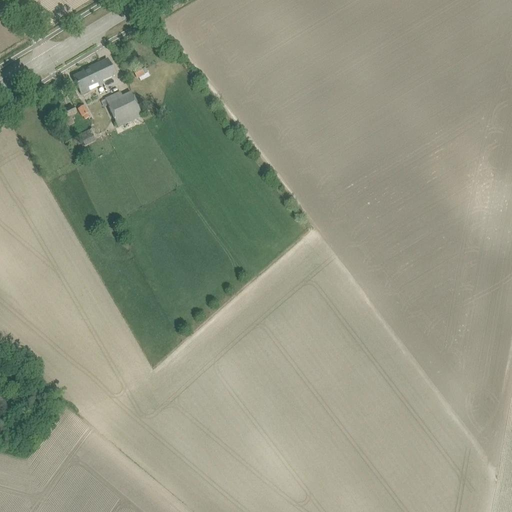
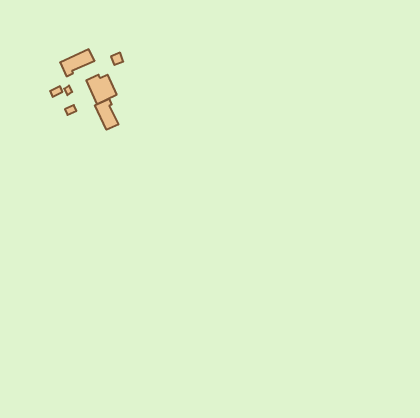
building: none -> [95,99,118,130]

